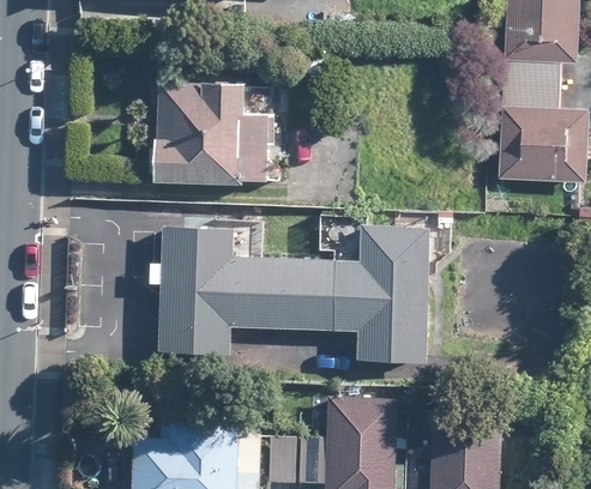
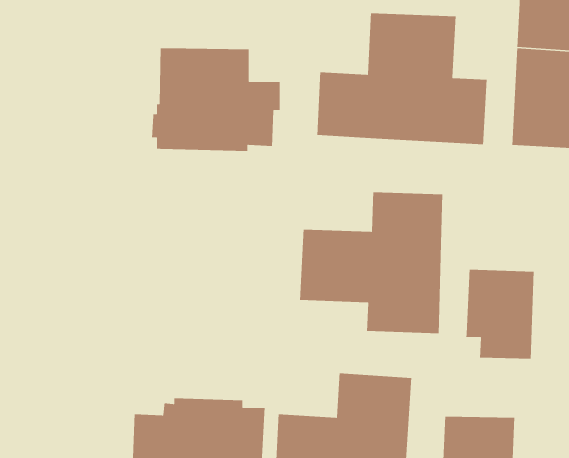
building: none -> [316,12,487,145]
building: [157,227,295,355] -> none
building: none -> [466,269,534,359]

